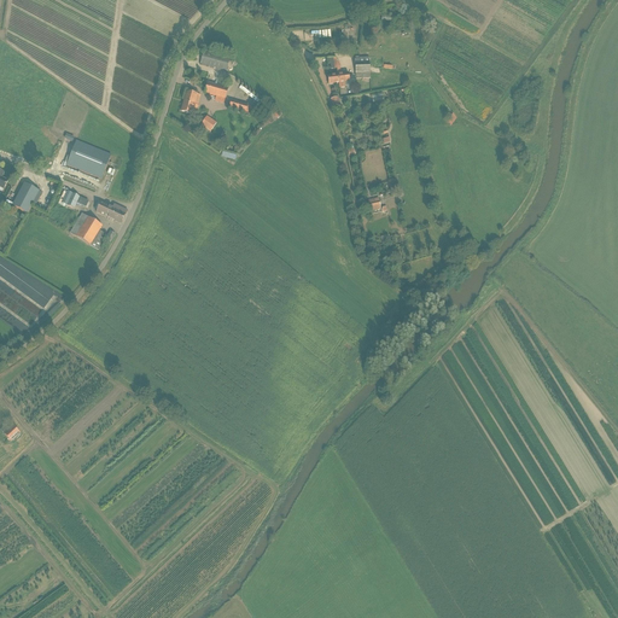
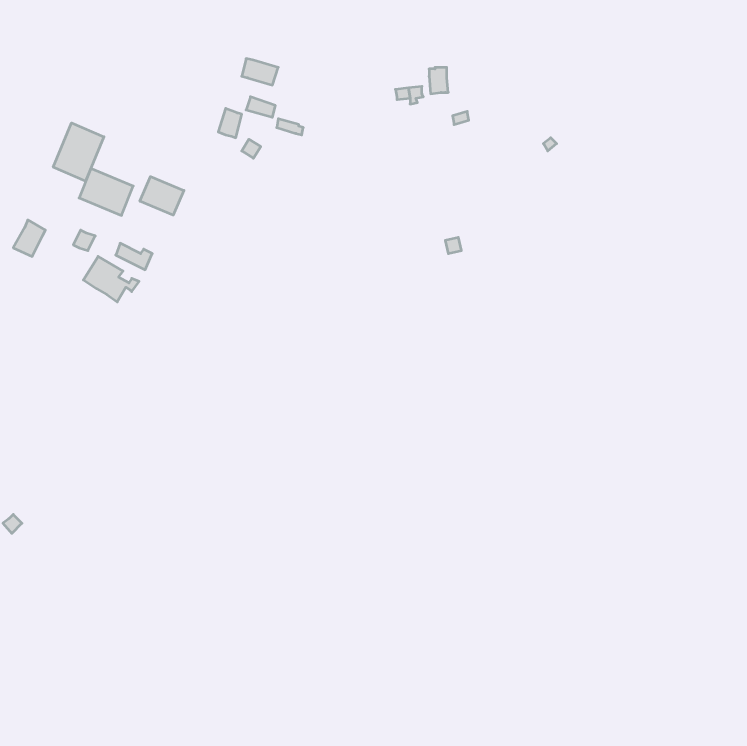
building: none -> [53,123,104,181]
building: none -> [140,177,184,215]

